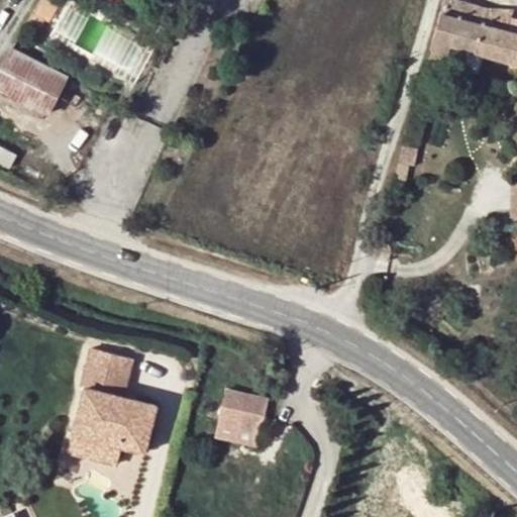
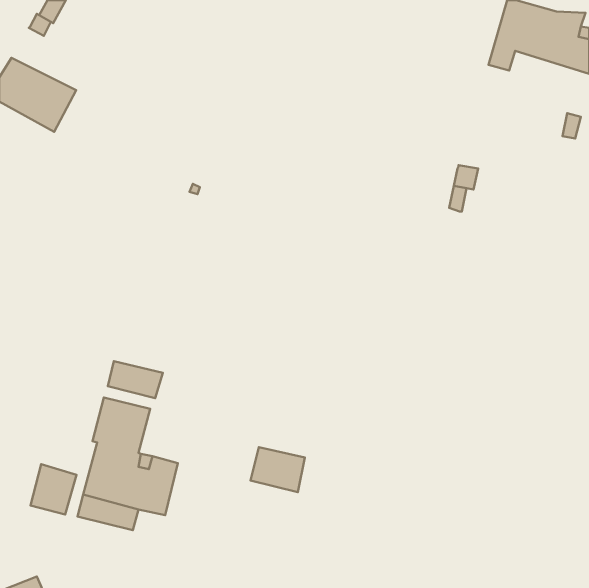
building: none -> [108,361,163,398]
building: none -> [31,464,77,515]

